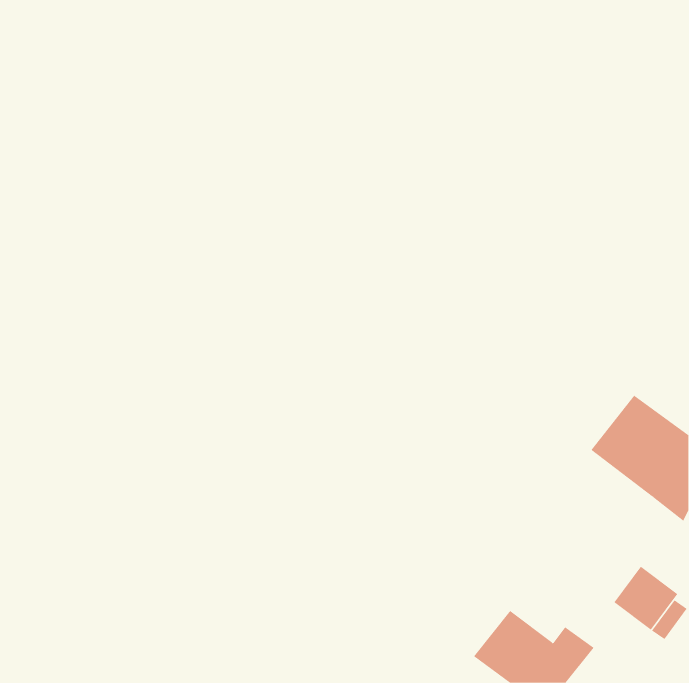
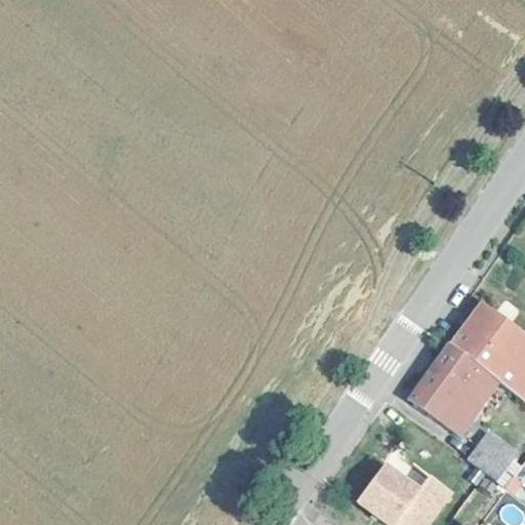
building: none -> [409,342,496,431]

